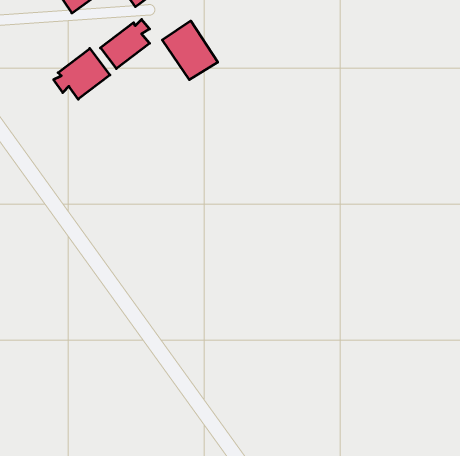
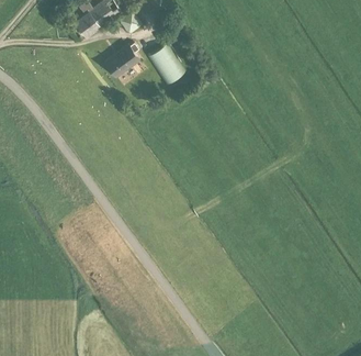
building: [54,48,110,99] -> none

